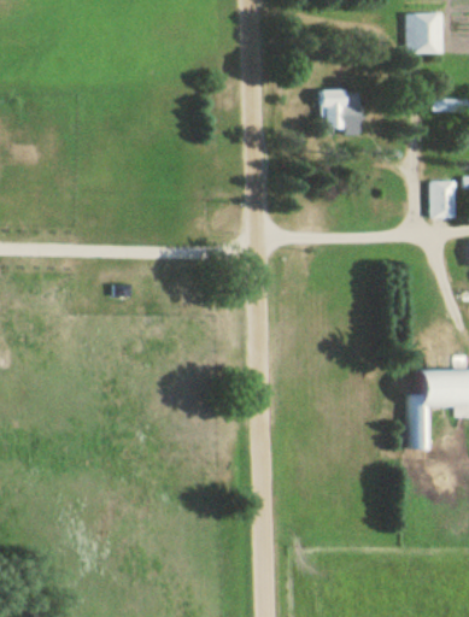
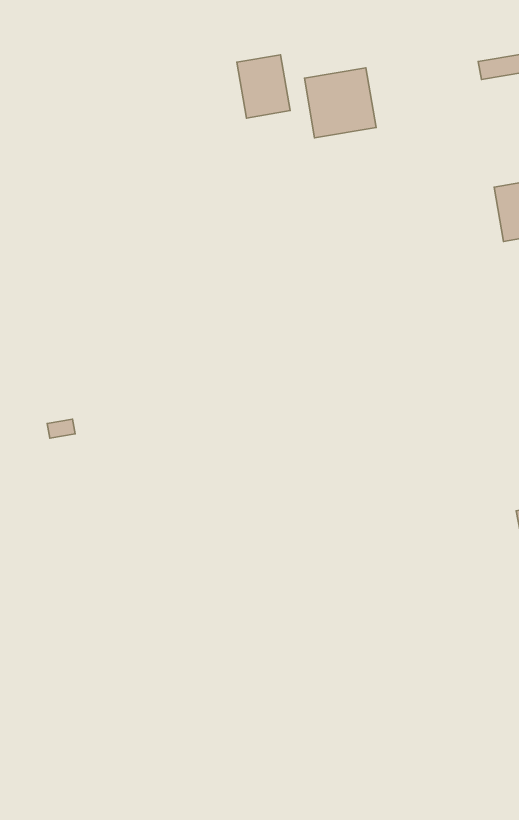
building: none -> [237,55,290,118]

